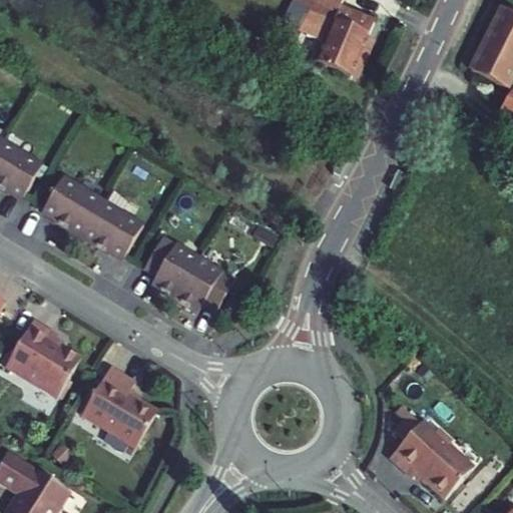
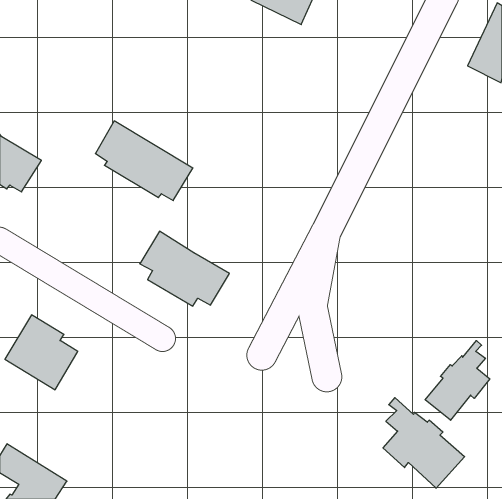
building: [313,6,373,77] -> none
building: [43,175,142,256] -> [95,121,193,201]
building: none -> [425,341,490,420]
building: [81,367,156,446] -> none

